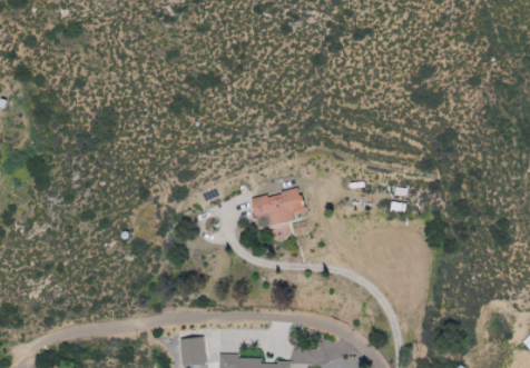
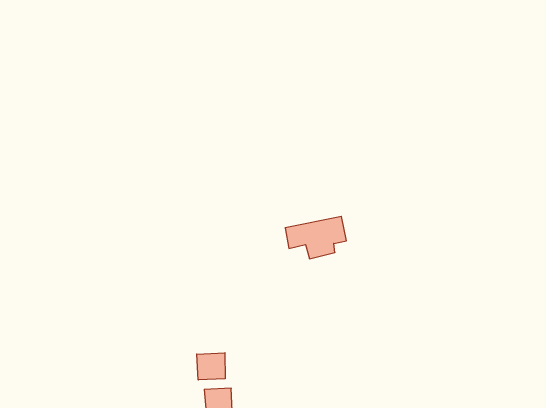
building: none -> [197,353,225,380]

